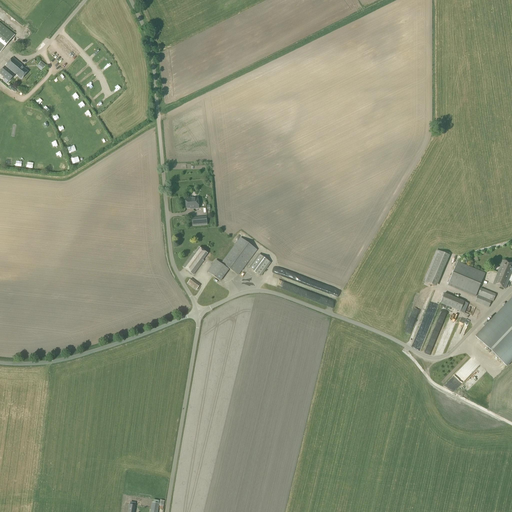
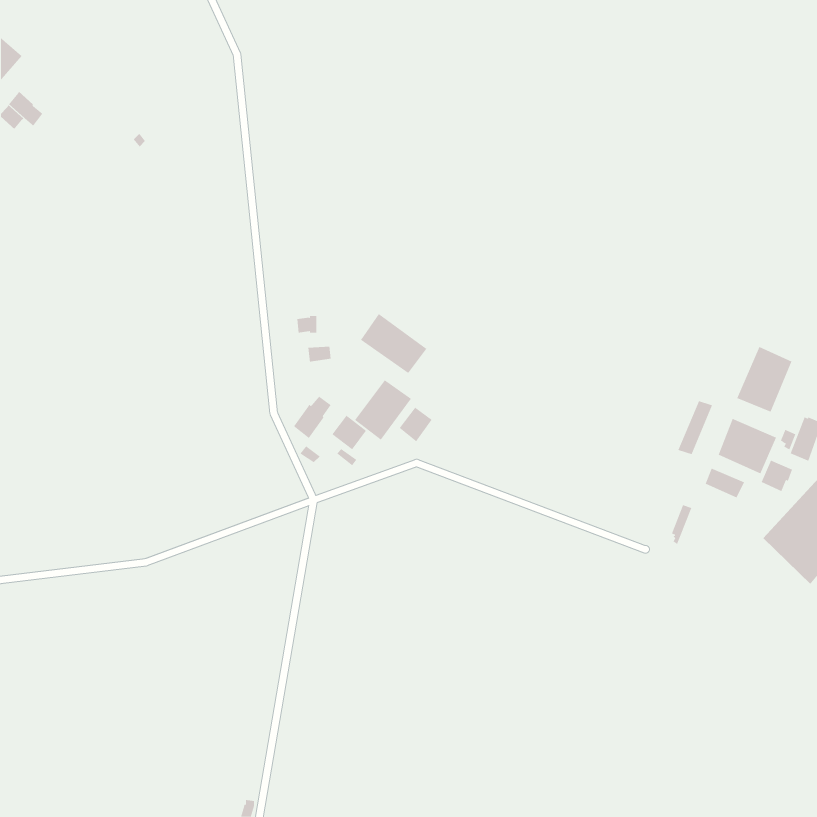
building: none -> [360,313,427,374]
building: none -> [736,346,792,413]

